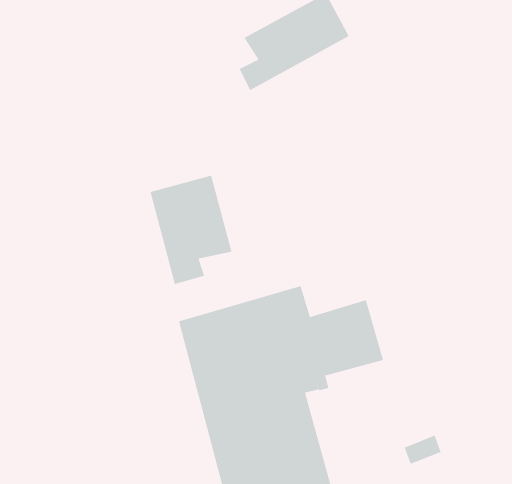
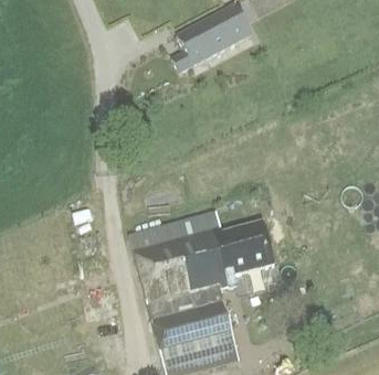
building: [150,175,232,285] -> none

